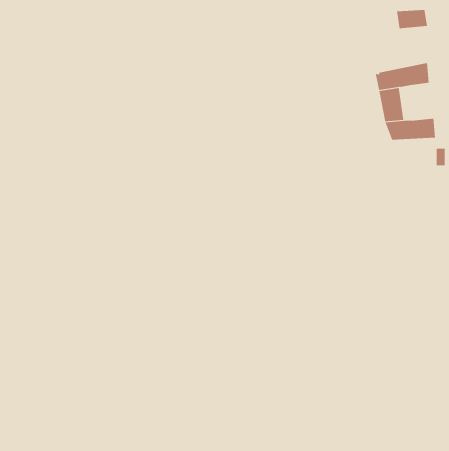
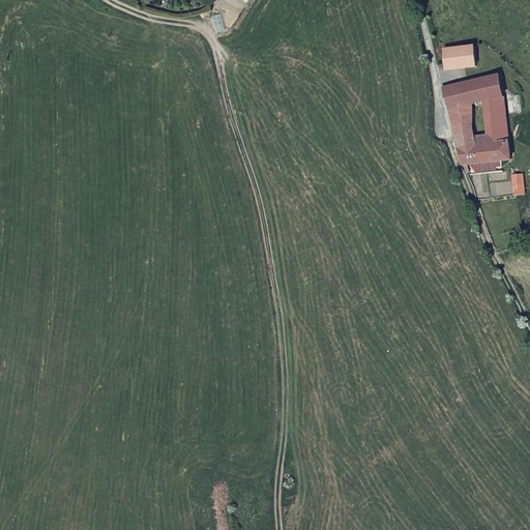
building: [396,10,428,29] -> [439,46,476,68]
building: none -> [481,97,509,141]

